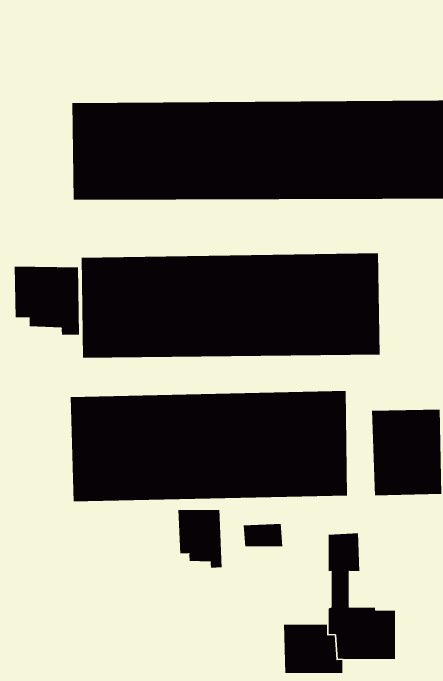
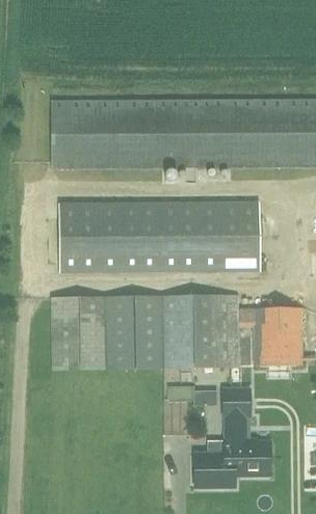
building: [14,266,79,335] -> none
building: [178,509,222,568] -> none

